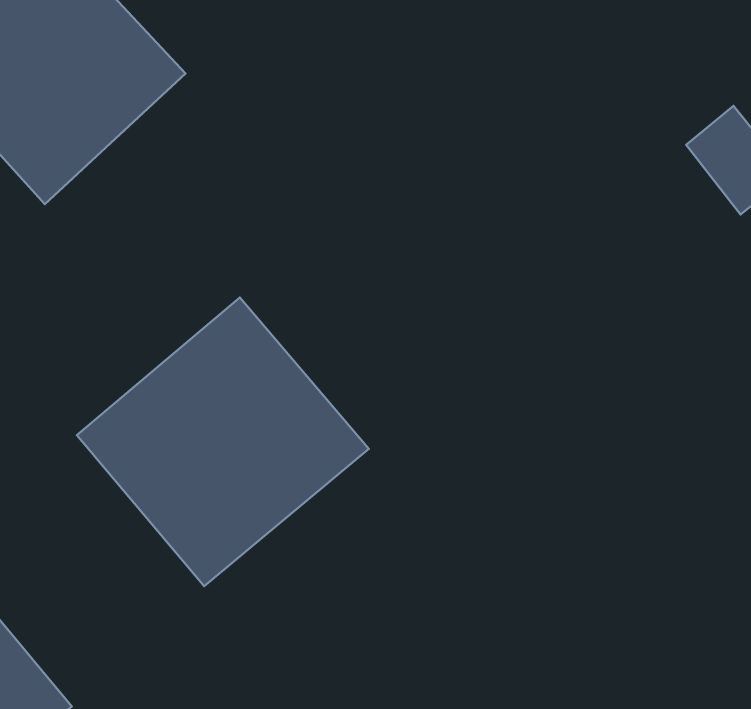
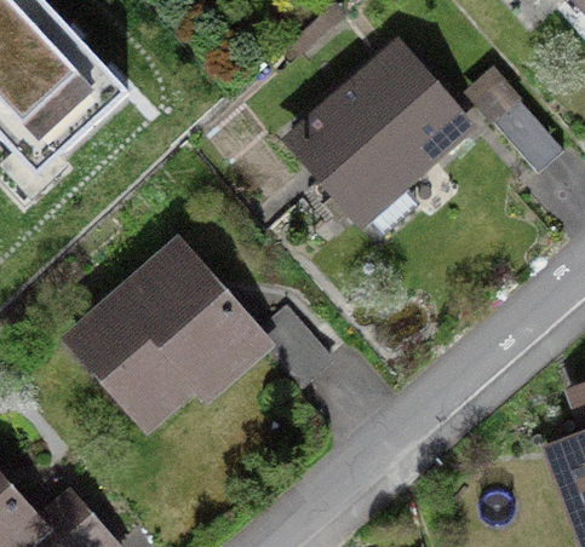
building: none -> [281,33,480,226]

